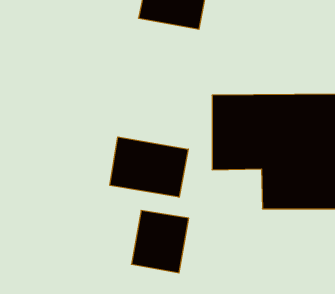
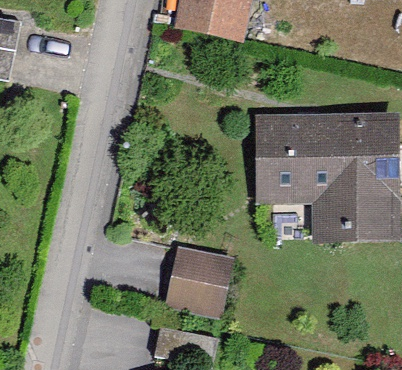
building: [110,137,188,197] -> none

